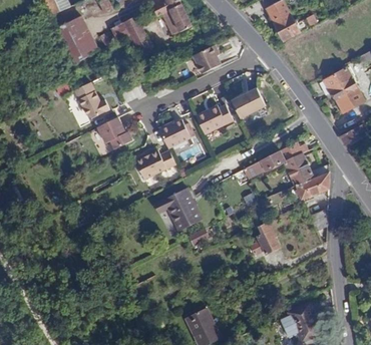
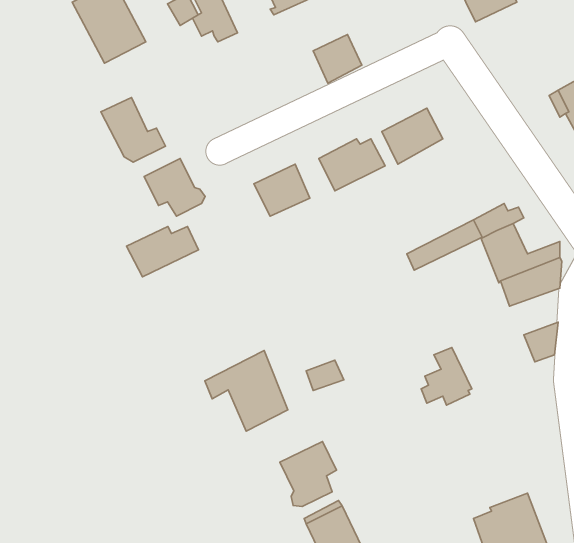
building: [133,150,173,179] -> [126,226,198,277]
building: [154,185,201,230] -> [205,350,288,431]
building: none -> [280,441,337,506]

